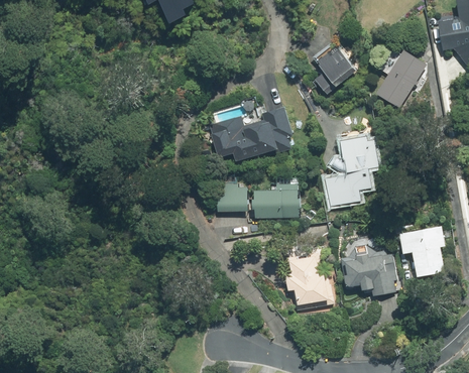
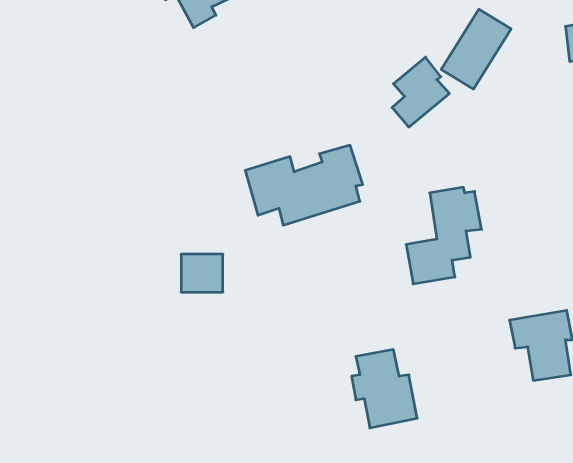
building: [375,50,426,108] -> [441,9,511,89]
building: [253,183,298,218] -> none
building: [216,184,246,212] -> [181,254,223,292]
building: [341,244,395,294] -> none

